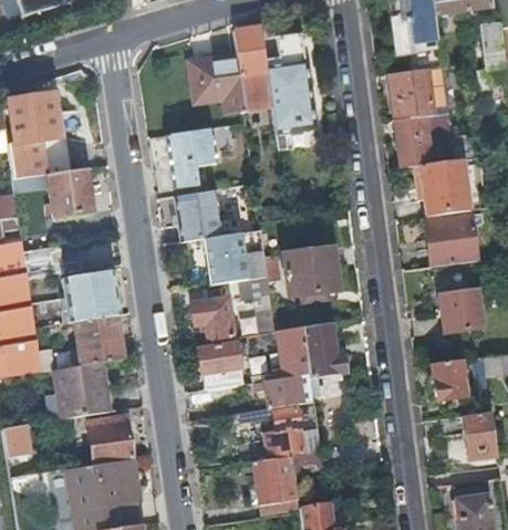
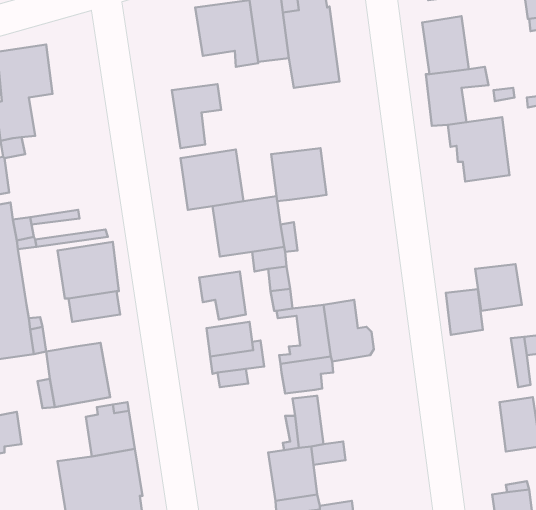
building: [49,167,93,216] -> none
building: [425,212,477,266] -> none
building: [288,248,338,295] -> [271,148,327,201]
building: [77,335,124,364] -> none
building: [433,358,466,399] -> [446,289,483,335]

